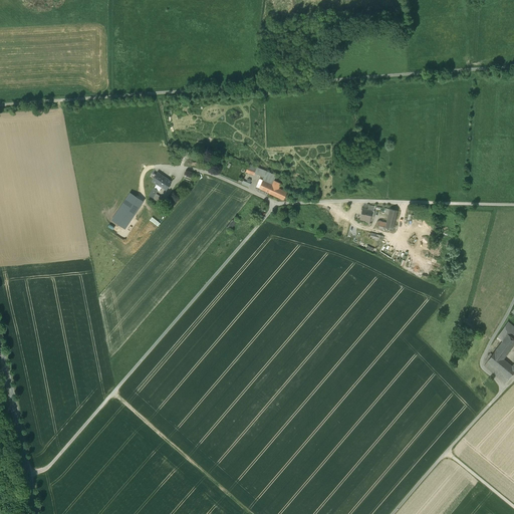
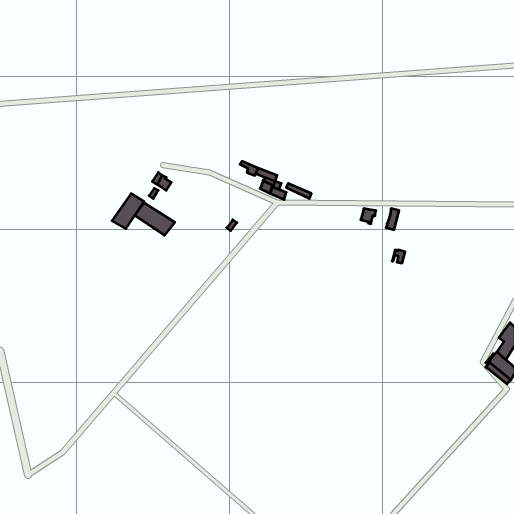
building: none -> [135,203,175,235]

